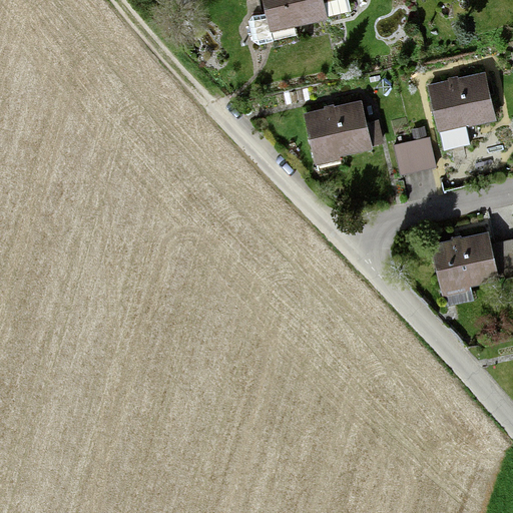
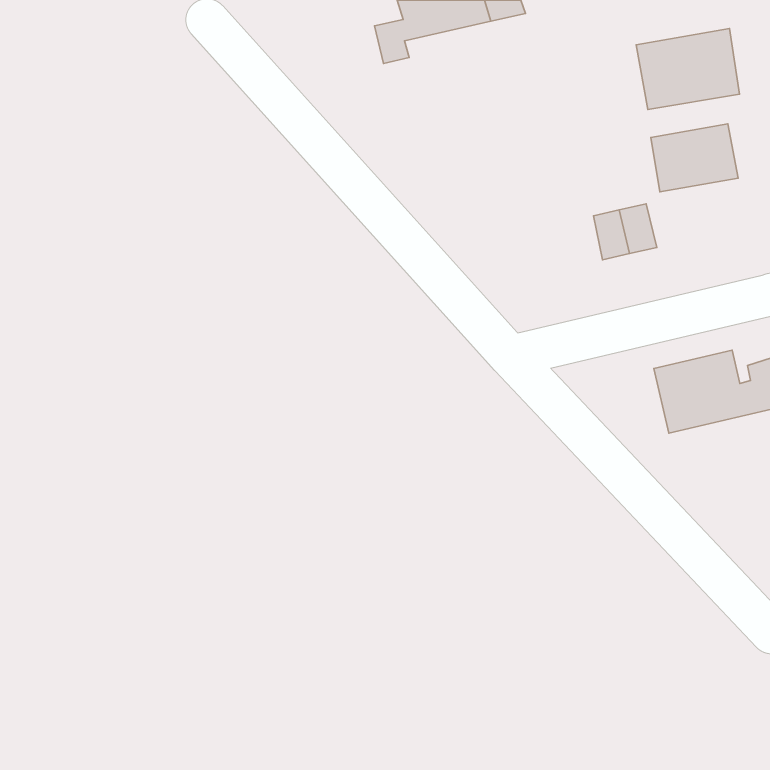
building: none -> [636,29,739,110]
building: [312,112,366,152] -> none

